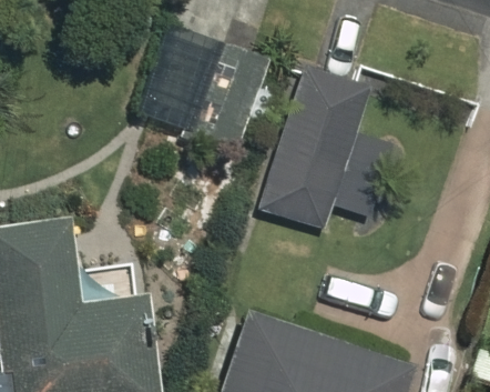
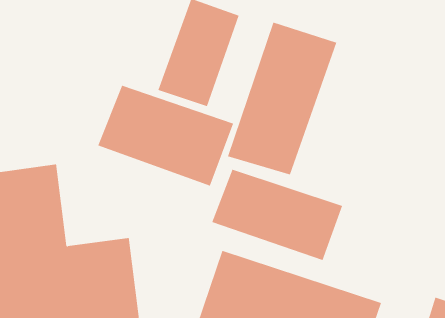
building: none -> [97,85,234,186]
building: none -> [211,169,343,261]

